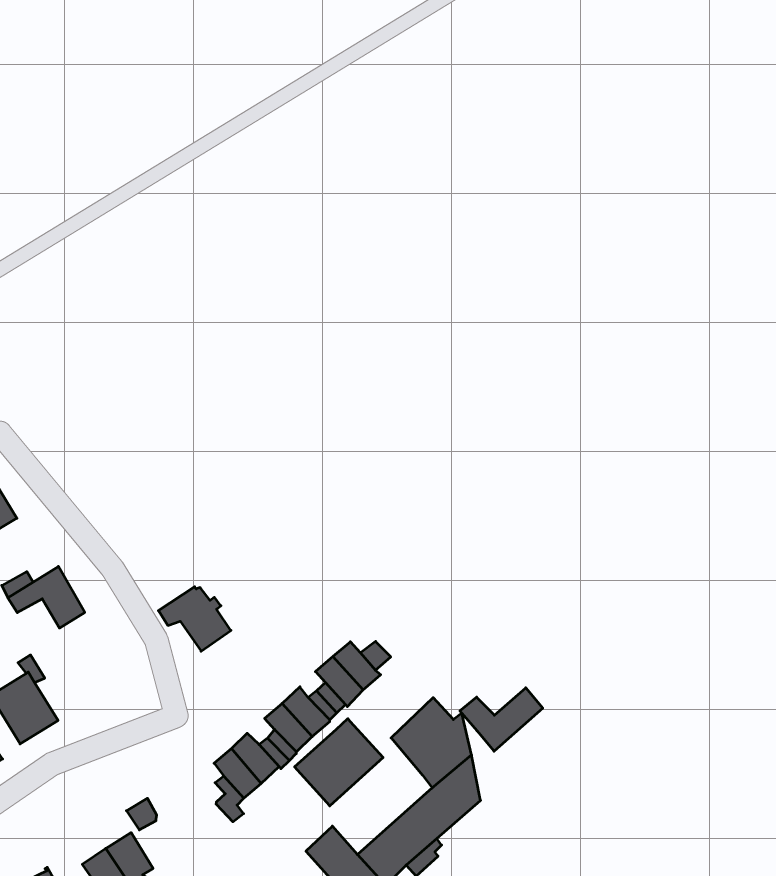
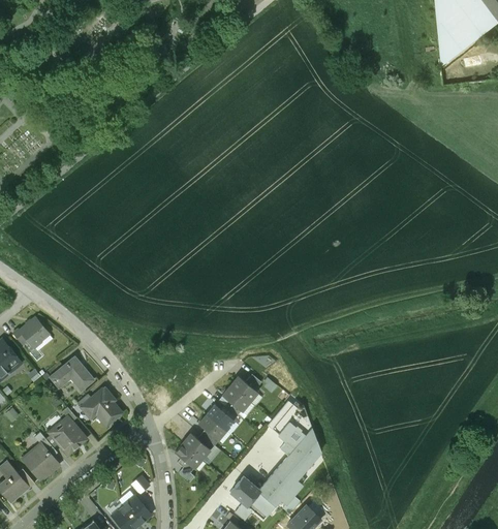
building: [158,587,231,651] -> [82,392,122,426]
building: [460,688,543,751] -> none
building: [295,719,383,806] -> none

